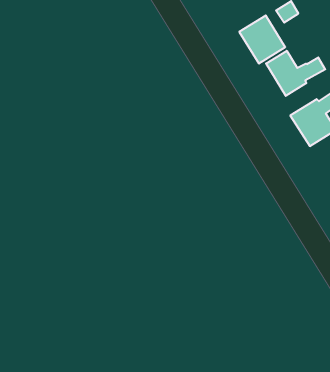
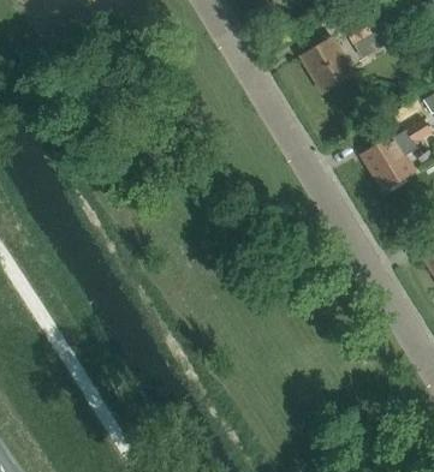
building: [266,51,325,96] -> none

